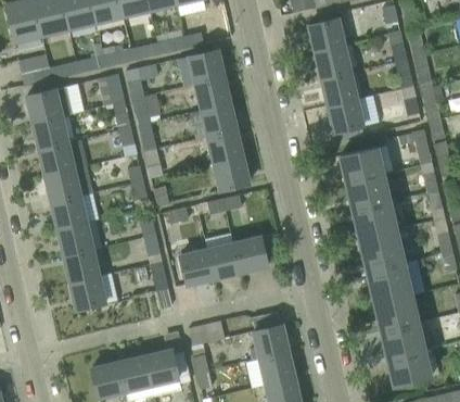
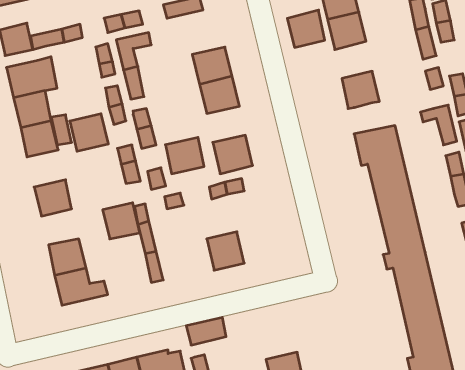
building: [178,50,223,86] -> none
building: [322,72,356,105] -> [287,10,325,47]
building: [207,130,242,163] -> [165,137,204,174]
building: [46,169,80,203] -> [70,114,108,151]
building: [59,223,92,255] -> [103,203,140,239]
building: [234,237,268,272] -> none
building: [180,250,214,284] -> none
building: [250,312,289,360] -> none

